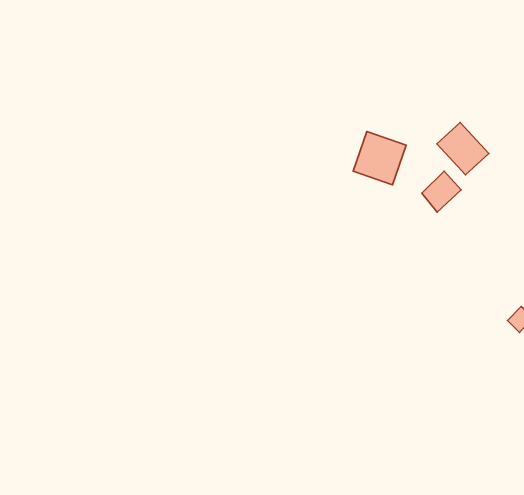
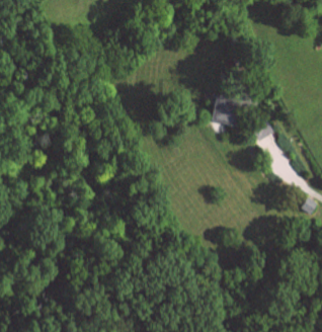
building: [437,123,489,175] -> none

